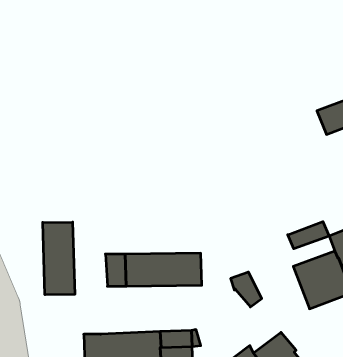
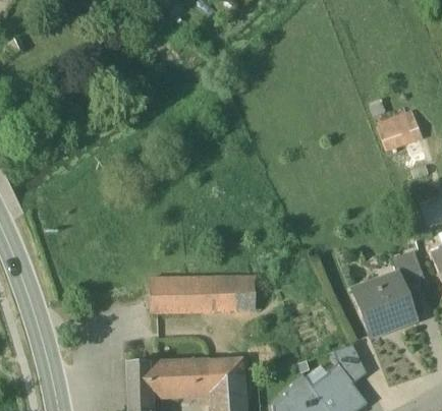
building: [288,222,329,249] -> none
building: [43,222,75,295] -> none
building: [231,272,262,307] -> [335,344,369,381]

